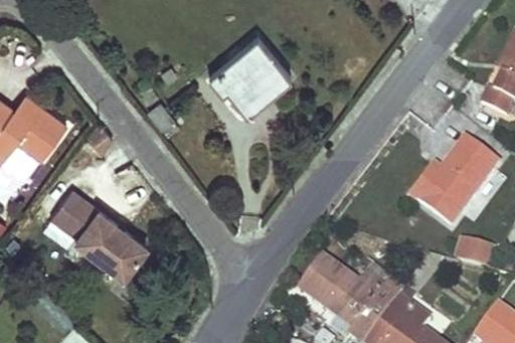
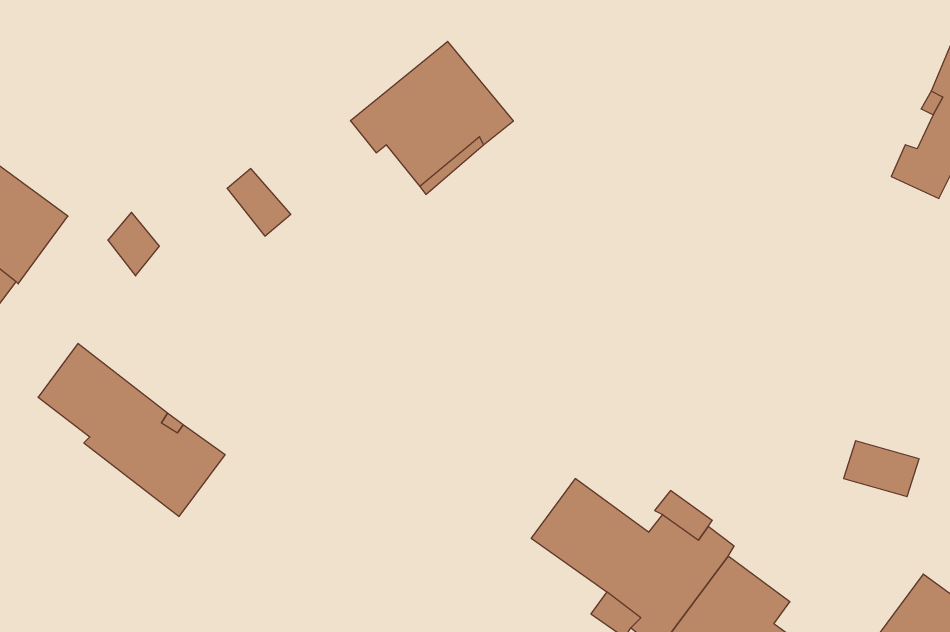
building: [410,136,500,226] -> none

